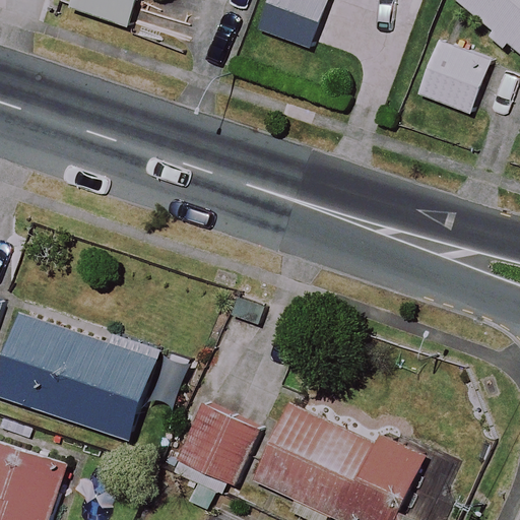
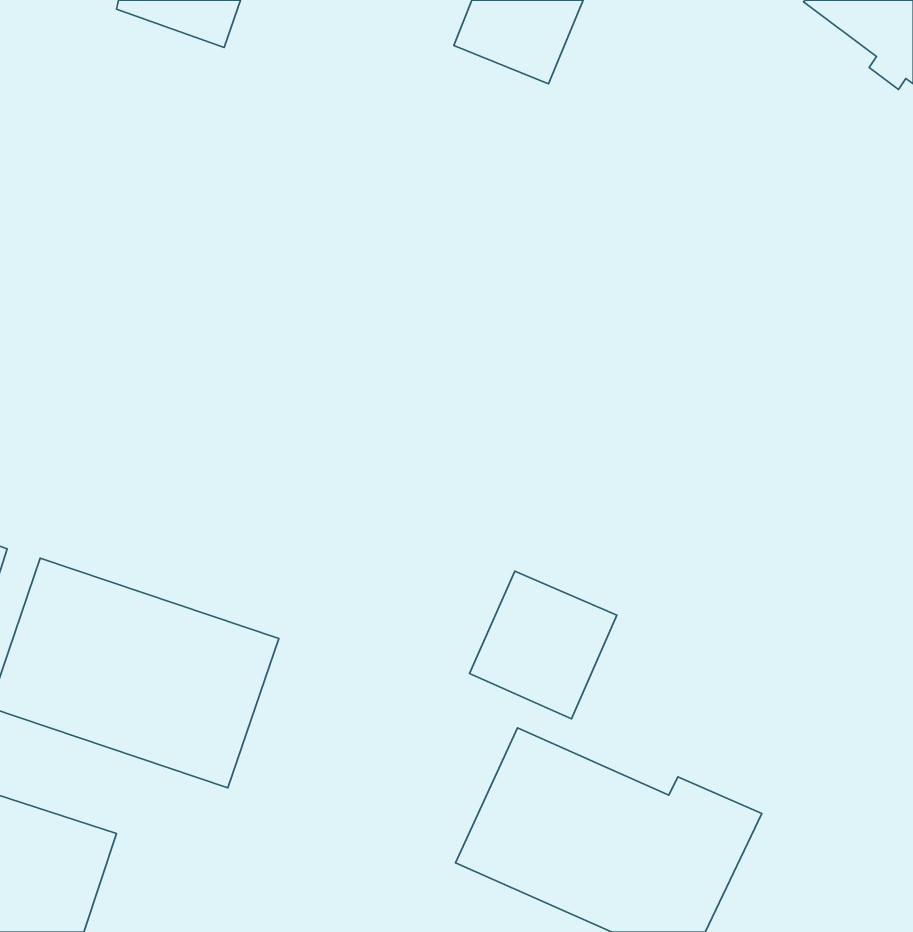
building: [414,41,490,115] -> none
building: [177,403,259,485] -> [469,571,617,719]

